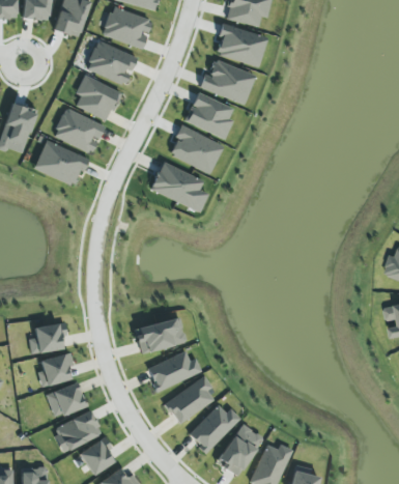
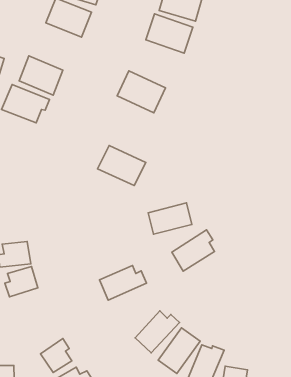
building: [76,75,121,121] -> none
building: [184,92,234,138] -> none
building: [149,162,205,208] -> [98,146,146,186]
building: [135,317,186,353] -> [148,203,192,234]
building: [165,376,215,424] -> [172,230,214,271]
building: [46,381,87,419] -> none
building: [53,410,102,452] -> none

